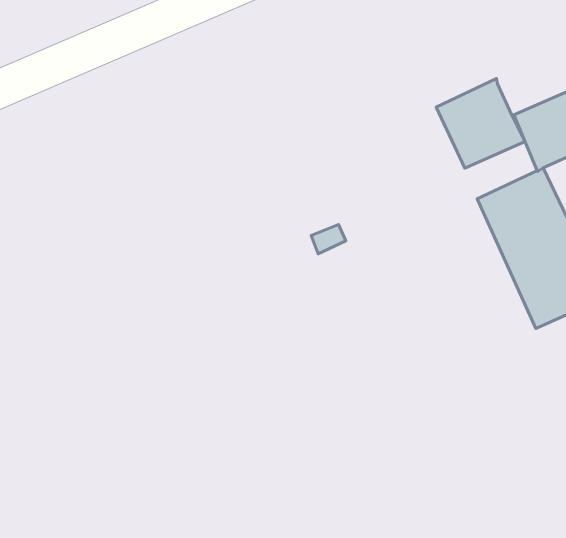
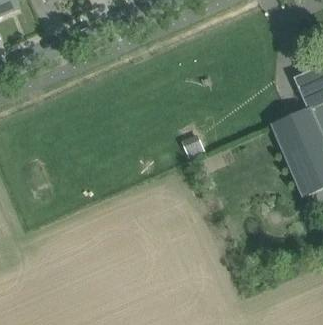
building: [436,78,525,168] -> none

